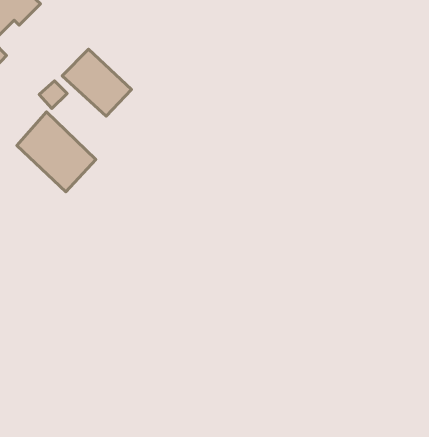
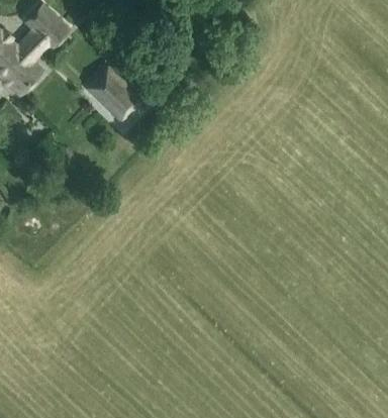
building: [17,112,96,192] -> none

